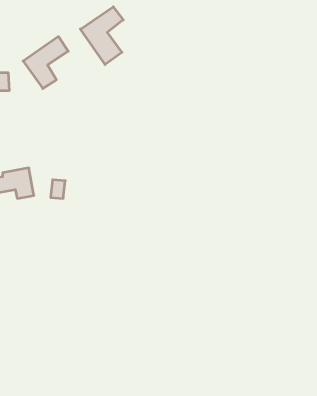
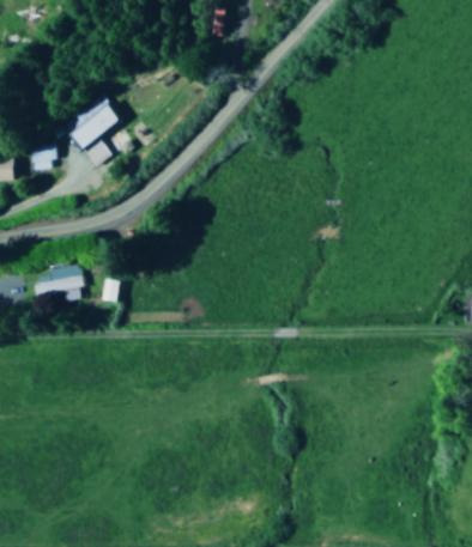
building: [80,7,123,65] -> none

